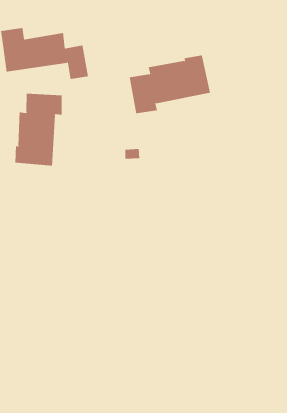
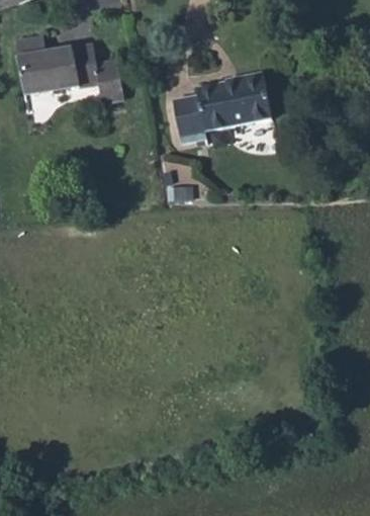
building: [15,93,62,166] -> none

